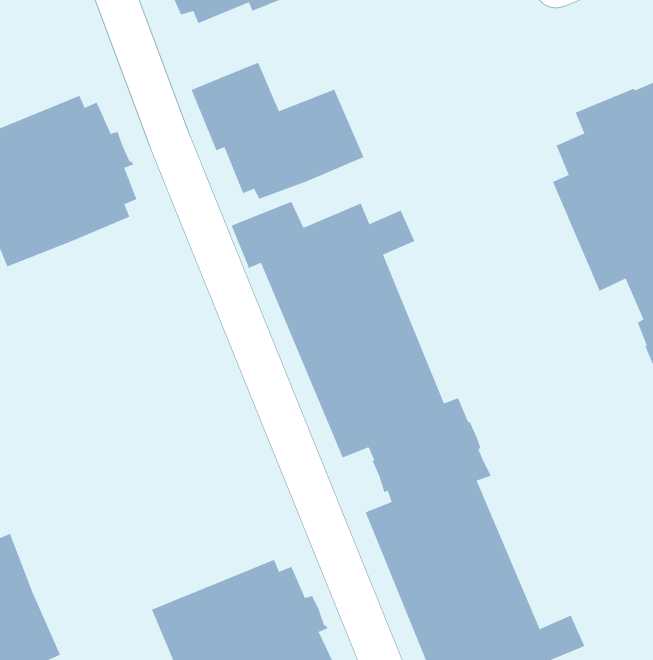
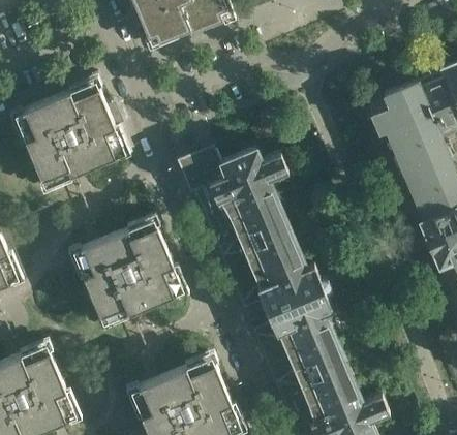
building: [191,62,364,200] -> none
building: none -> [73,222,182,325]

